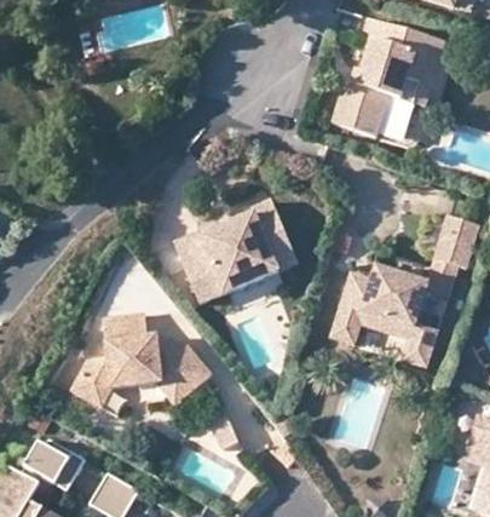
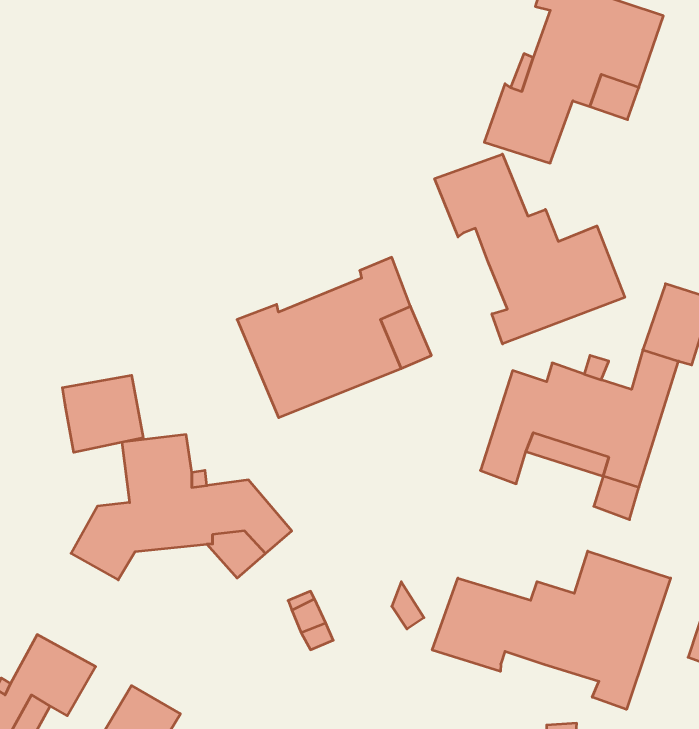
building: none -> [435,154,625,344]
building: none -> [62,375,143,452]
building: none -> [432,551,671,709]

